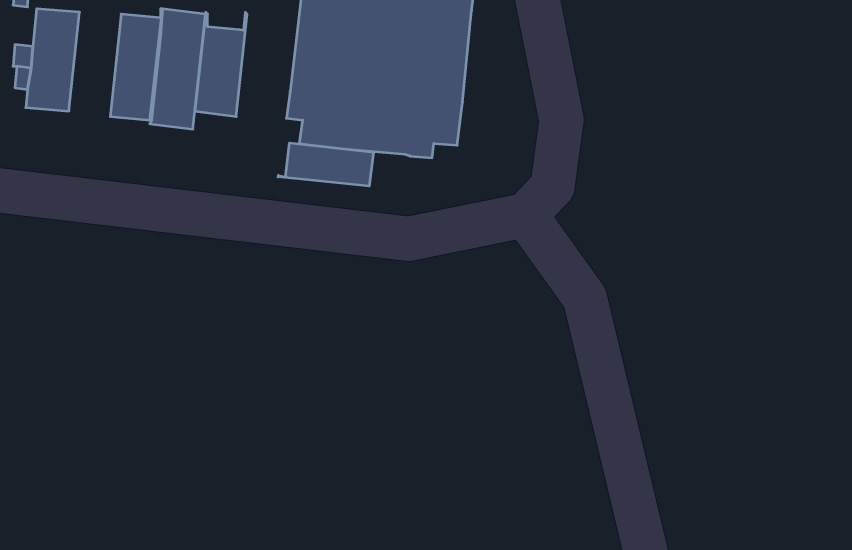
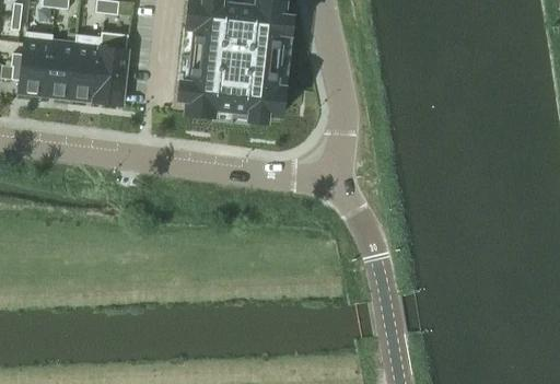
building: [195,12,247,117] -> [46,33,78,96]
building: [278,143,373,186] -> none

